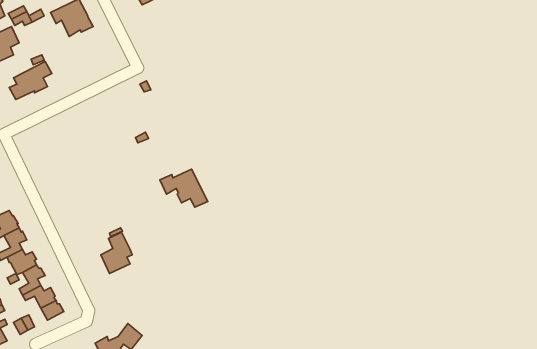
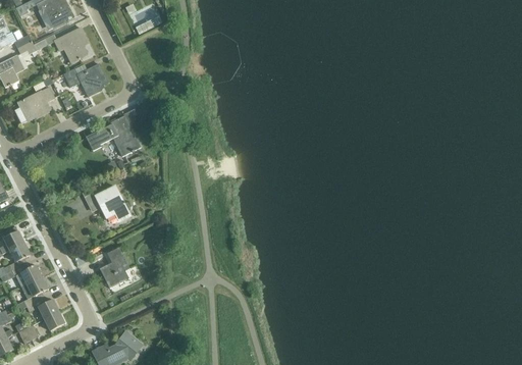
building: none -> [62,64,107,96]
building: none -> [86,114,140,155]
building: [160,169,208,207] -> [86,186,130,221]

